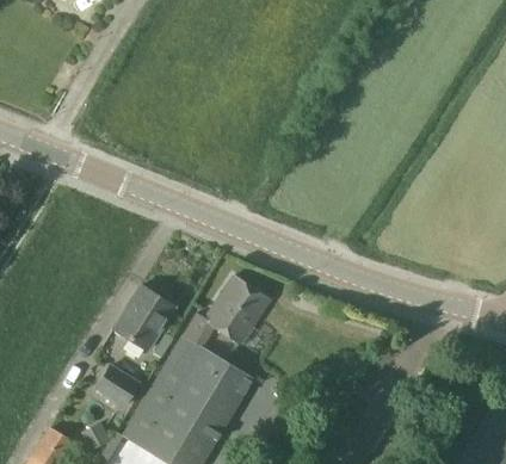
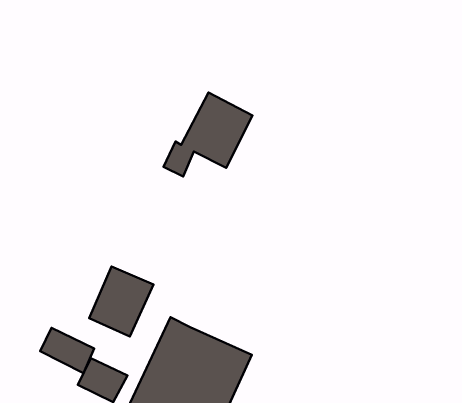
building: [186,273,271,346] -> [164,92,253,177]
building: none -> [40,328,94,373]

